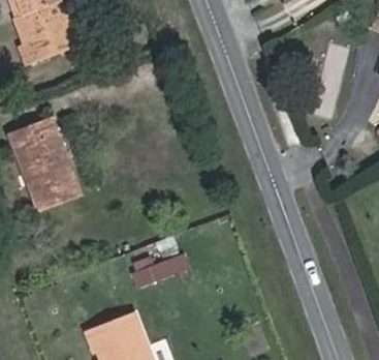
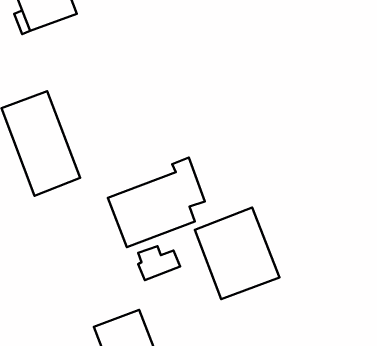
building: none -> [108,158,205,247]
building: none -> [195,207,279,299]

